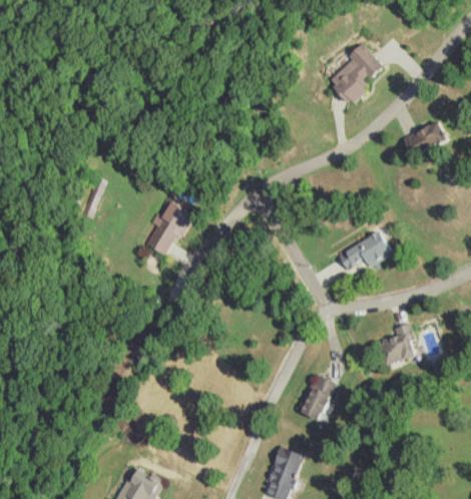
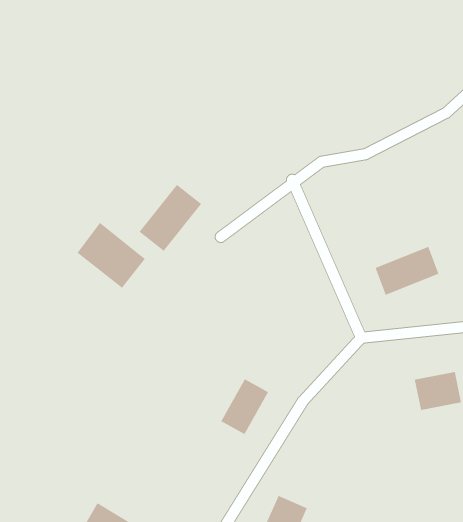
building: [325,42,382,106] -> none
building: none -> [77,222,146,289]
building: [300,374,337,420] -> [220,378,269,435]

